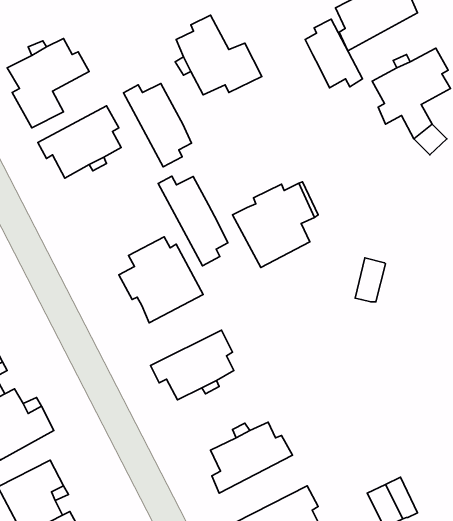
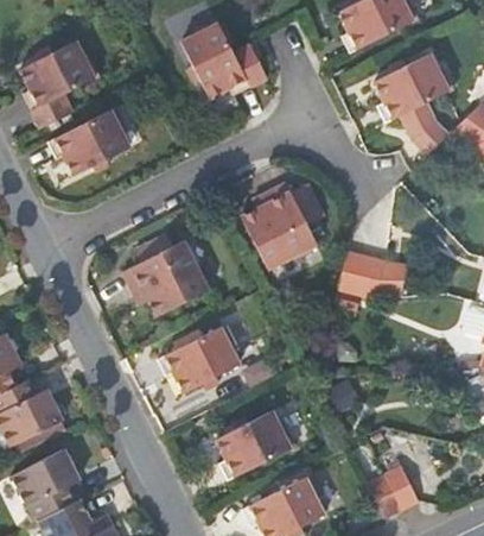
building: [305,19,363,88] -> none
building: [124,83,192,167] -> none
building: [158,176,228,266] -> none
building: none -> [335,250,365,308]

